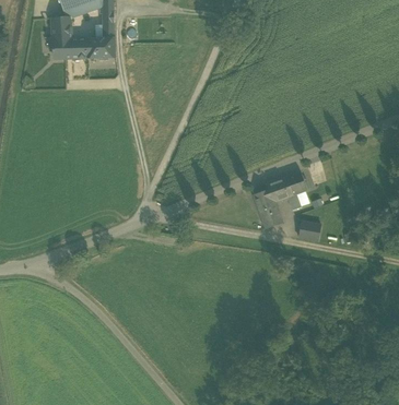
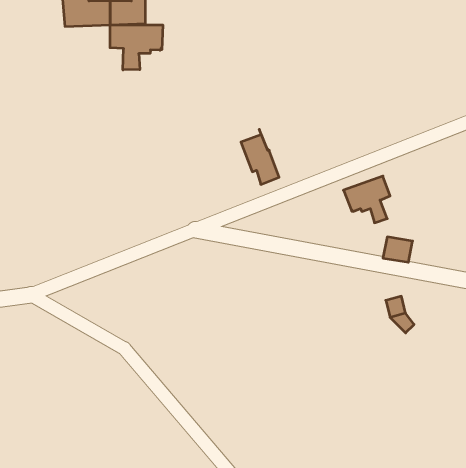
building: none -> [110,25,163,70]
building: [253,184,282,227] -> [241,129,279,184]

